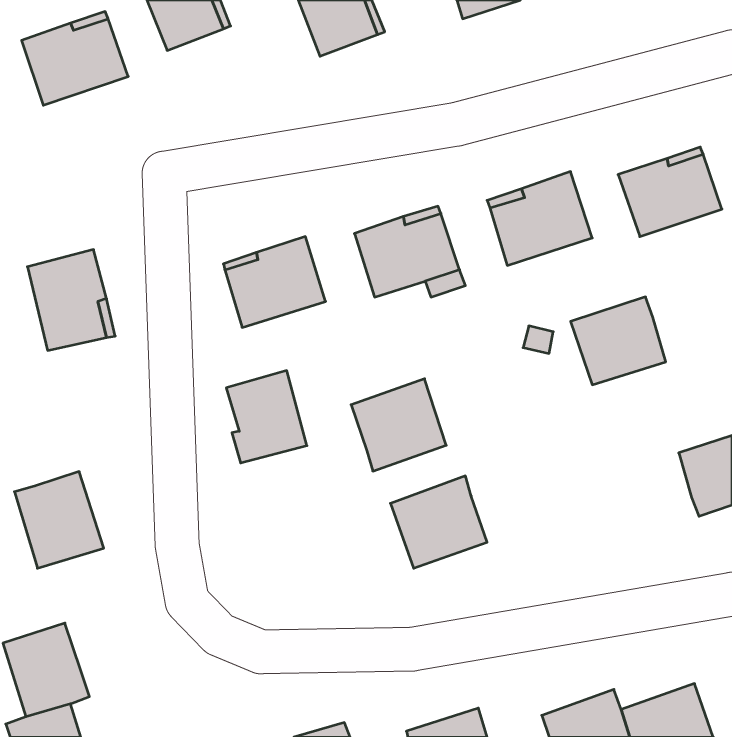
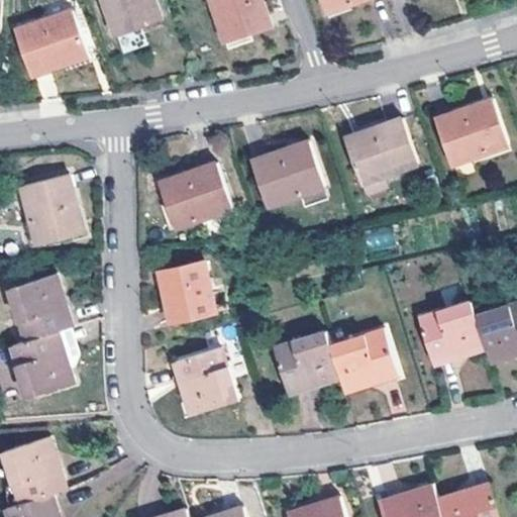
building: [571,297,666,385] -> [418,303,485,365]
building: [351,379,446,471] -> [330,329,397,394]
building: none -> [8,274,71,340]
building: none -> [172,345,235,413]

